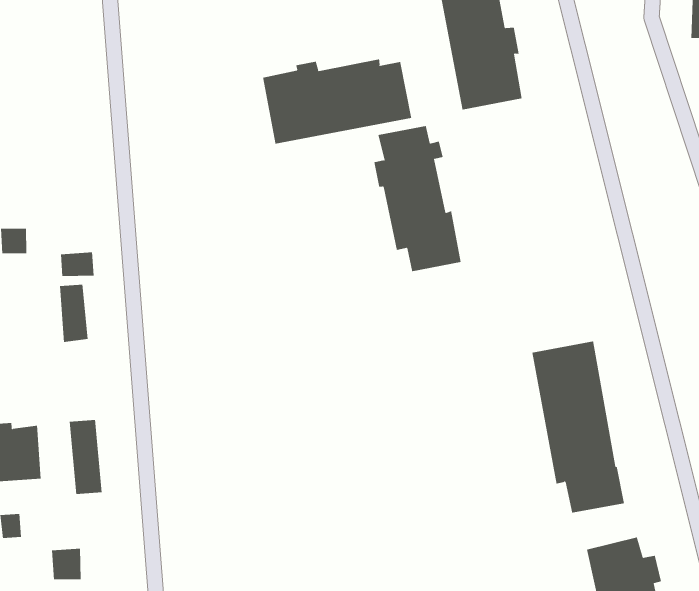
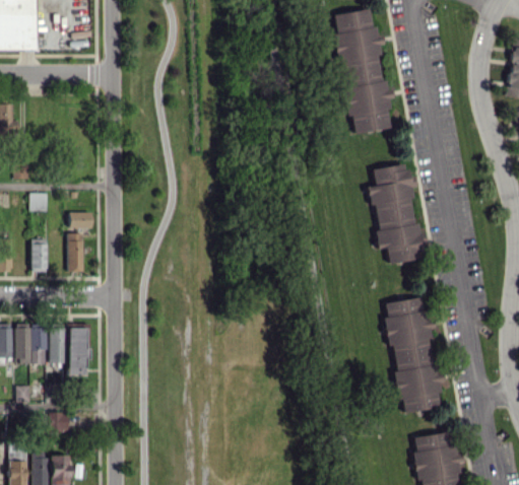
building: [263,58,412,144] -> none
building: [374,125,462,272] -> [369,164,424,263]
building: none -> [31,238,48,271]
building: none -> [50,328,66,362]

